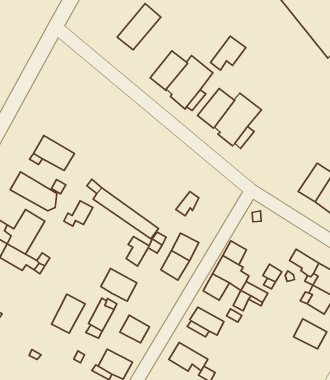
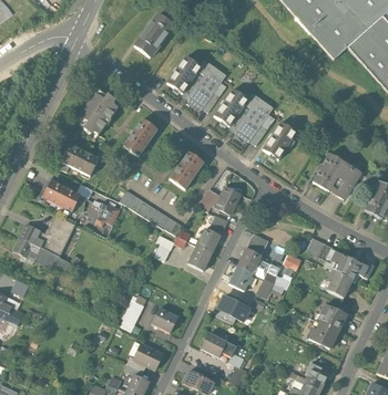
building: [210,36,246,70] -> none
building: none -> [76,90,120,136]
building: none -> [122,119,159,158]
building: none -> [263,124,297,162]
building: none -> [170,152,205,191]
building: none -> [214,185,243,216]
building: [101,268,137,301] -> none
building: [51,294,85,333] -> none
building: none -> [308,321,339,349]

